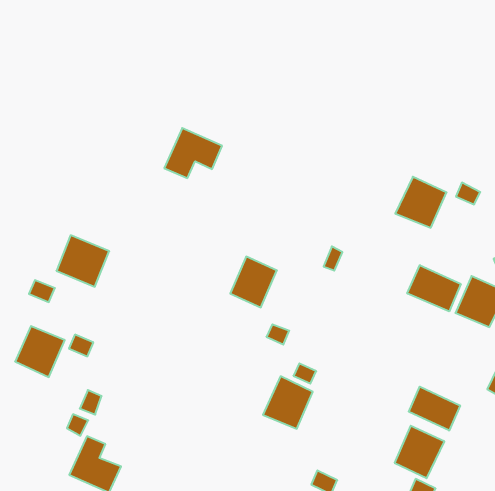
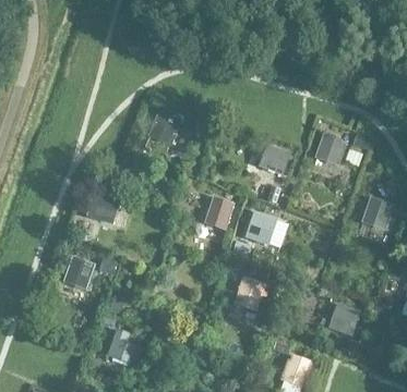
building: none -> [258,144,290,175]
building: [407,265,461,311] -> none
building: none -> [244,210,277,245]
building: [409,387,460,431] -> none

